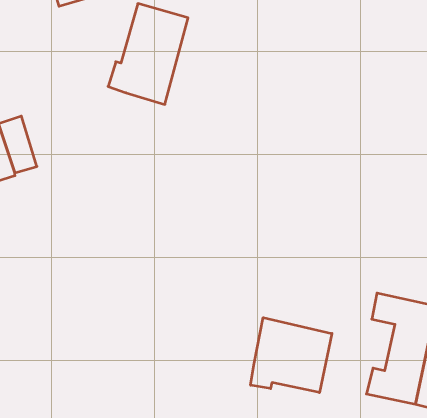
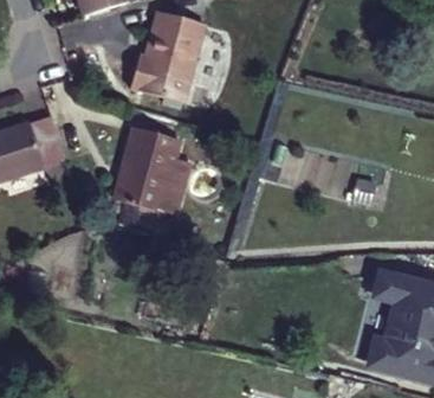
building: none -> [115,124,193,211]
building: [251,318,332,393] -> none

